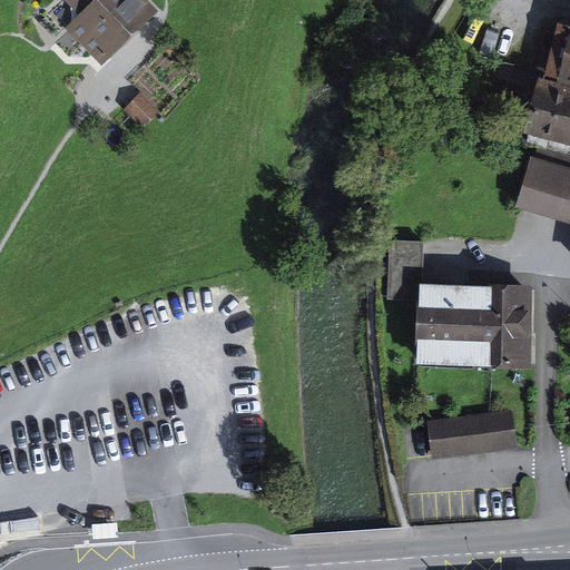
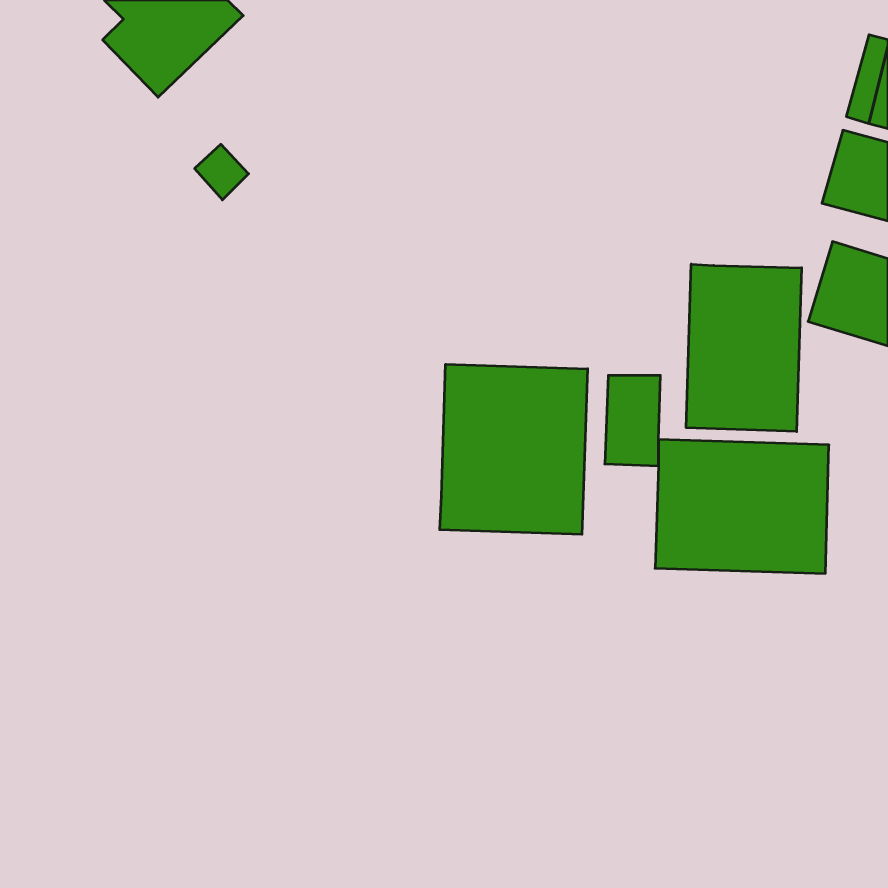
building: none -> [686,264,802,432]
building: none -> [440,364,588,534]
building: [428,411,515,459] -> none

